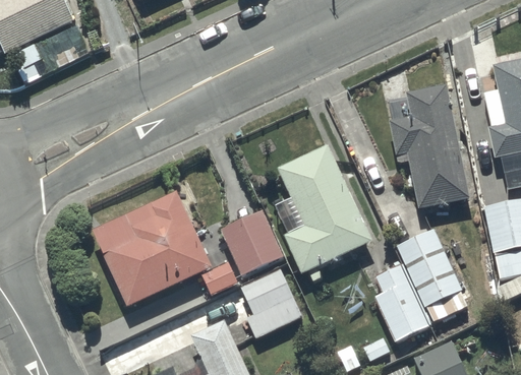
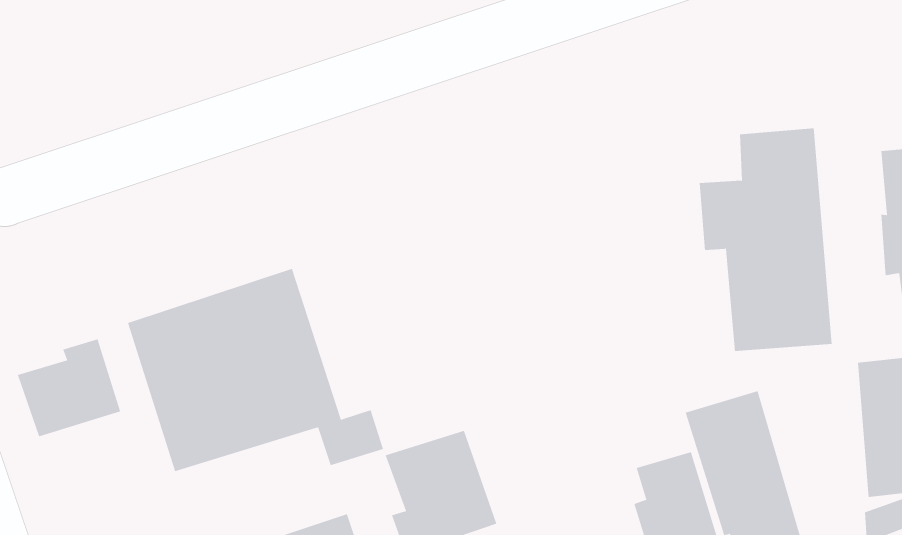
building: [276,144,372,280] -> none
building: [220,208,285,275] -> none
building: none -> [17,339,121,437]

